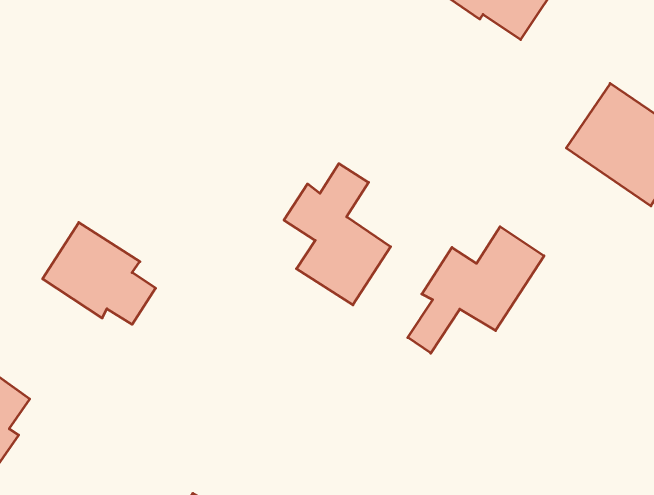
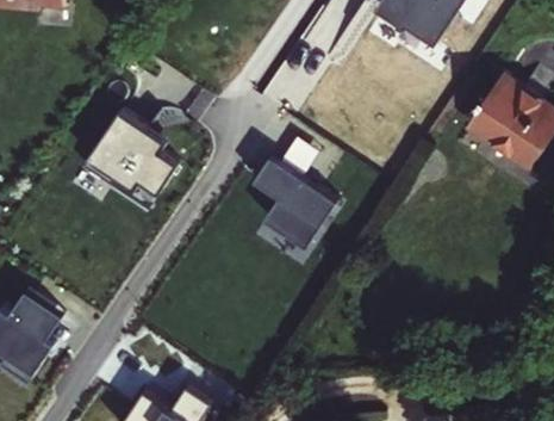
building: [43,222,156,324] -> [88,116,174,193]
building: [408,227,544,353] -> none

